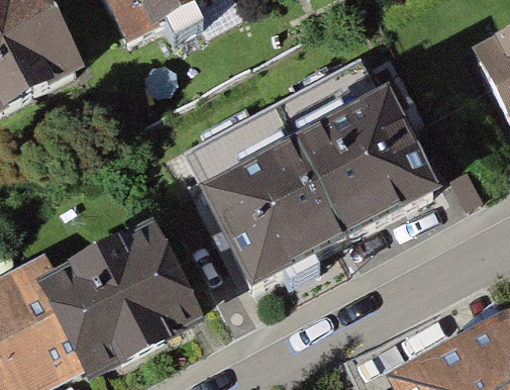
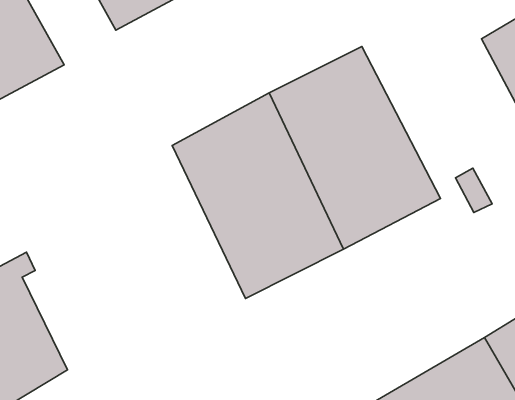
building: [44,216,206,375] -> none

